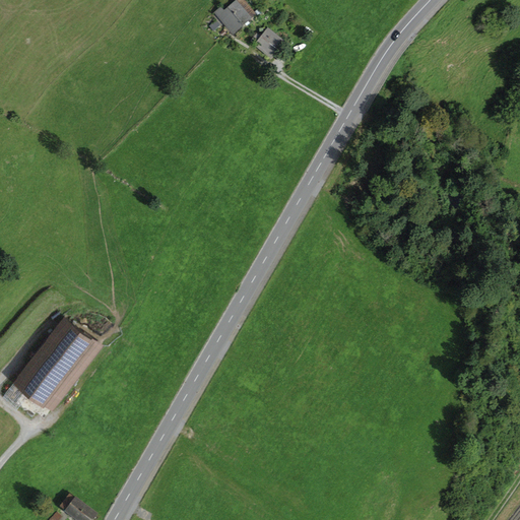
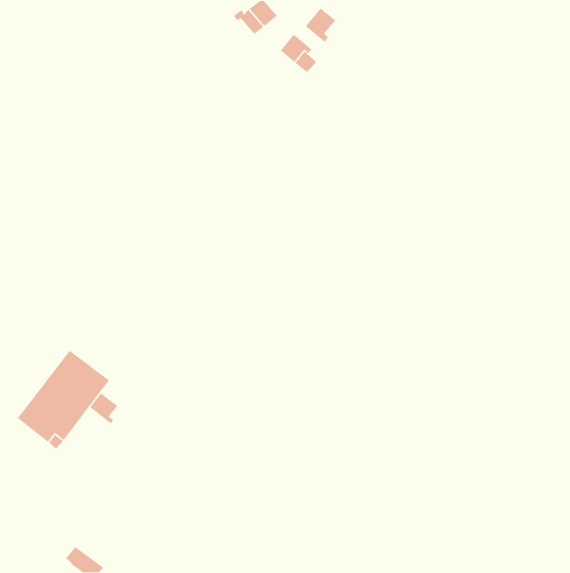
building: none -> [305,7,336,43]
building: none -> [89,393,118,424]

